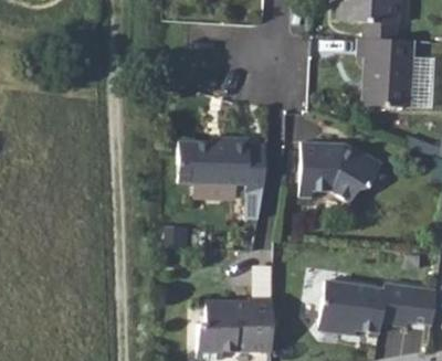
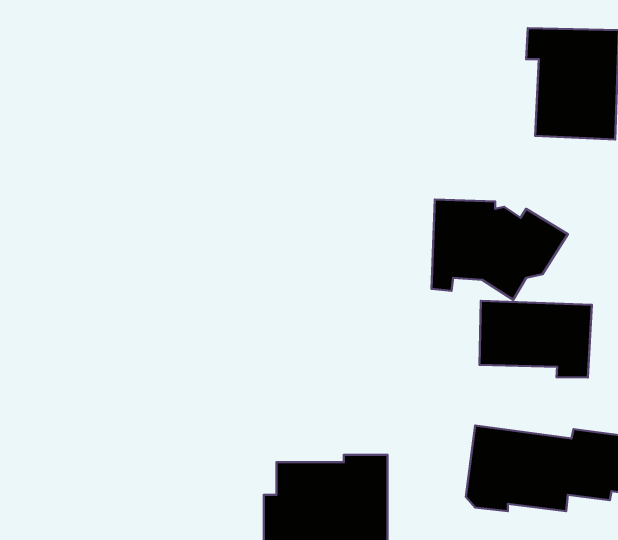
building: [193,136,265,217] -> none
building: none -> [479,301,592,378]

